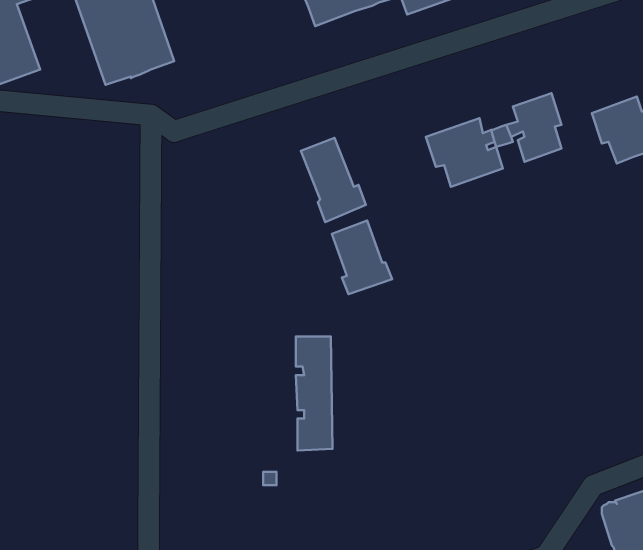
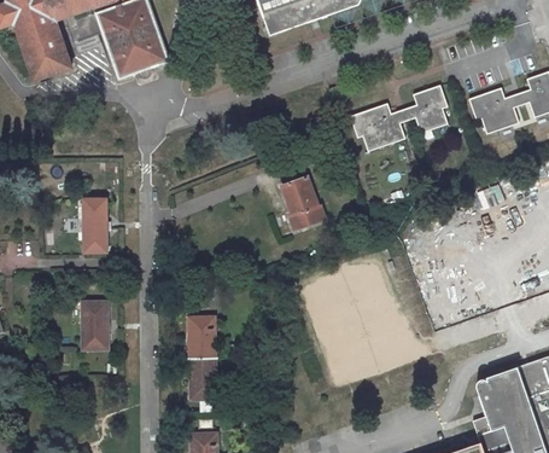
building: [301,138,366,222] -> none
building: none -> [83,199,105,252]
building: [296,336,333,450] -> [188,318,215,400]
building: none -> [82,302,107,349]

